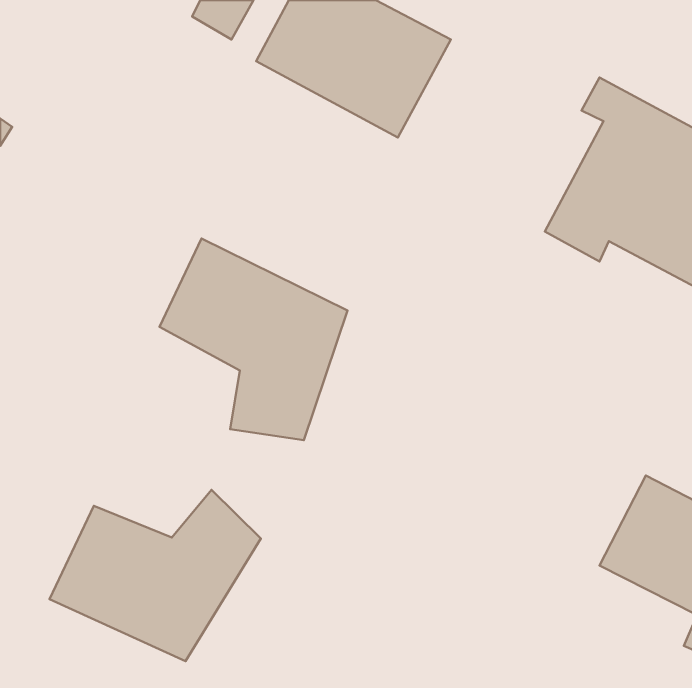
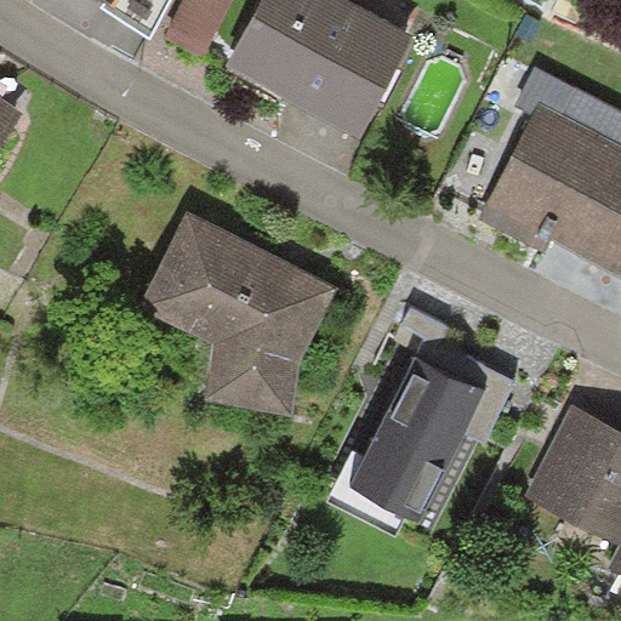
building: none -> [349,351,490,512]
building: [49,490,261,661] -> none

